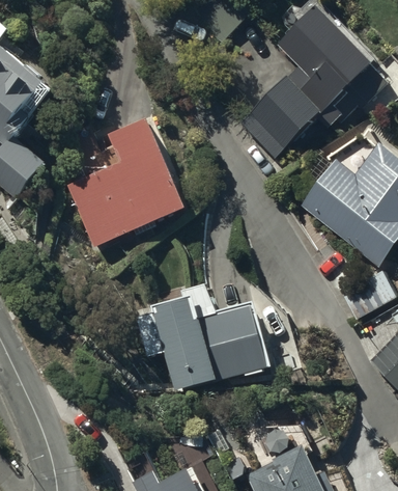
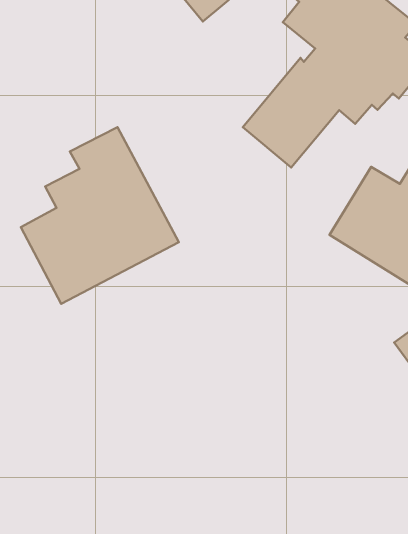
building: [135,282,269,390] -> none

